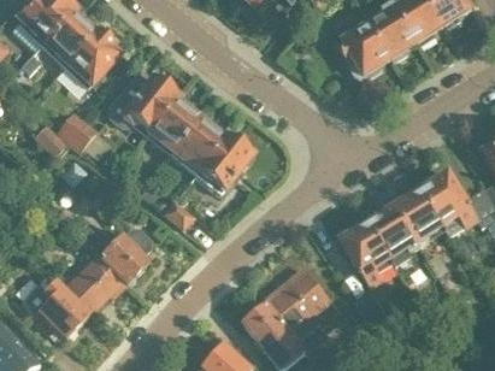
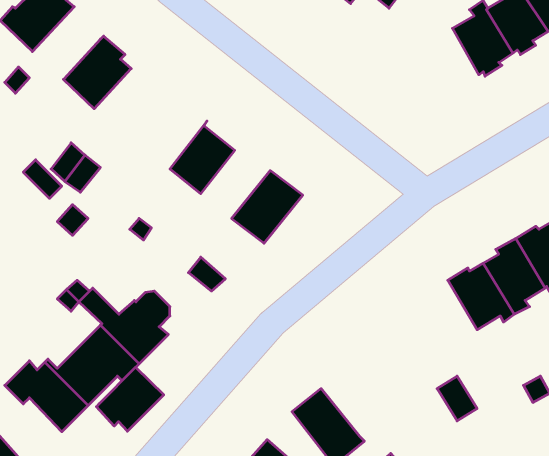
building: [41,7,94,64] -> none
building: [335,11,389,77] -> none
building: [104,76,177,134] -> none
building: [172,119,226,172] -> none
building: [340,220,388,287] -> none
building: [265,269,344,342] -> none
building: none -> [96,367,164,431]

